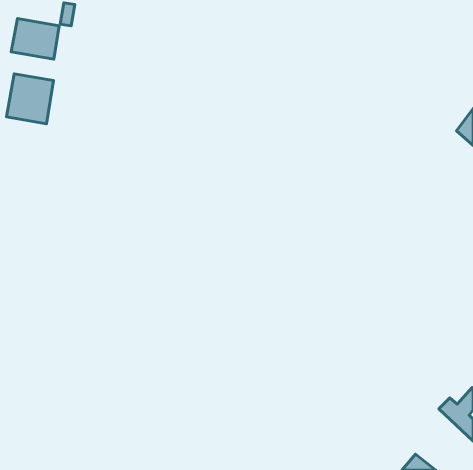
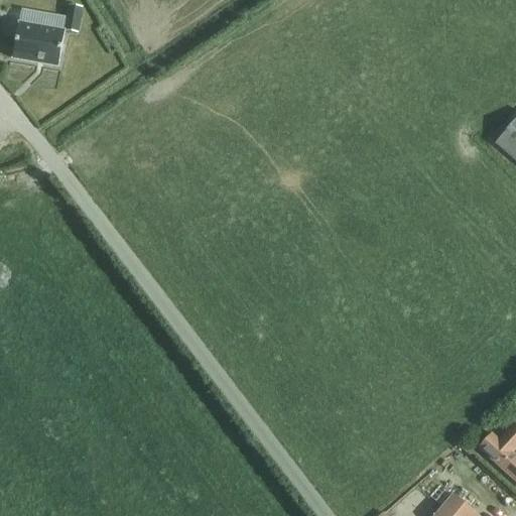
building: [6,74,53,124] -> none

